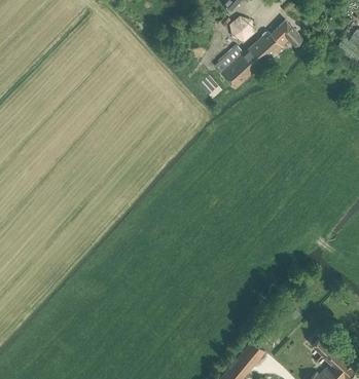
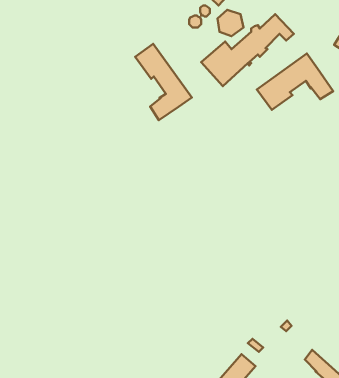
building: none -> [135,44,192,120]
building: none -> [257,53,333,110]

